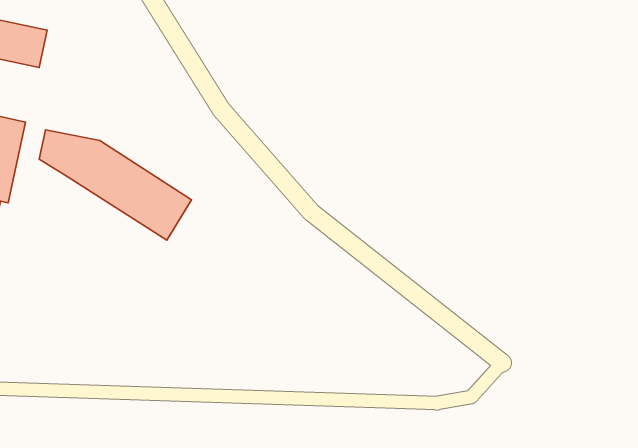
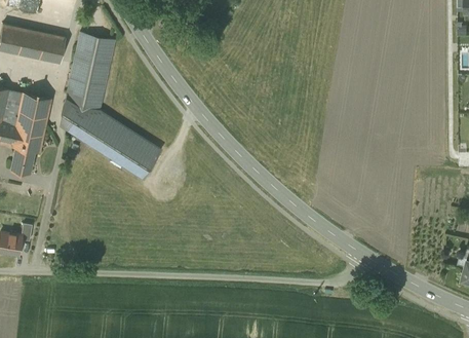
building: none -> [65,34,116,112]

